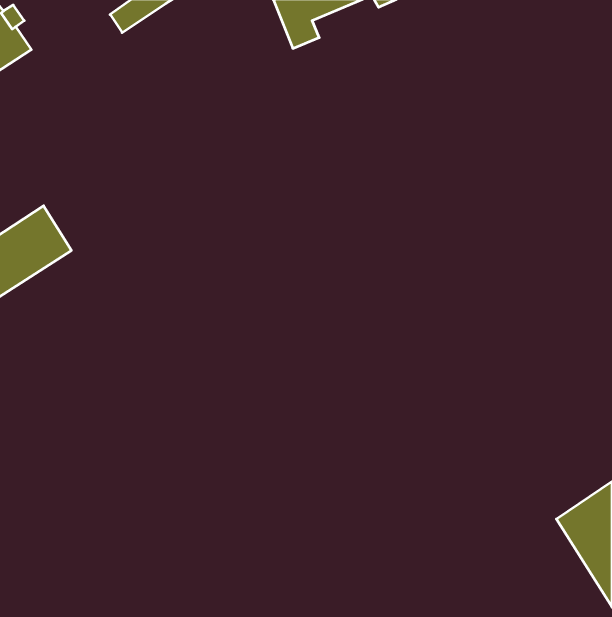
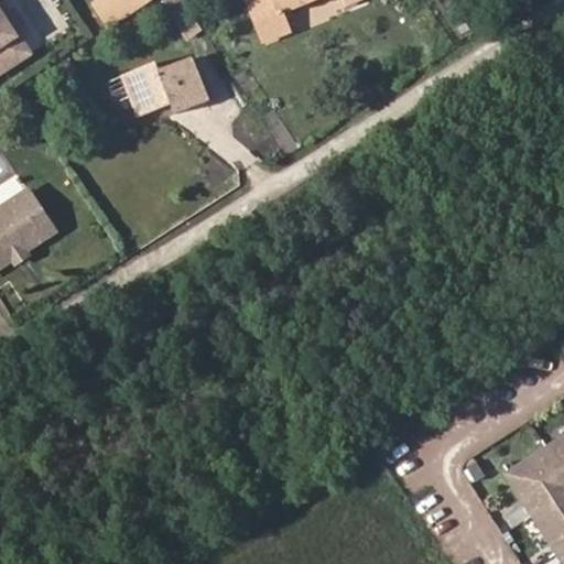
building: none -> [118,56,198,115]

